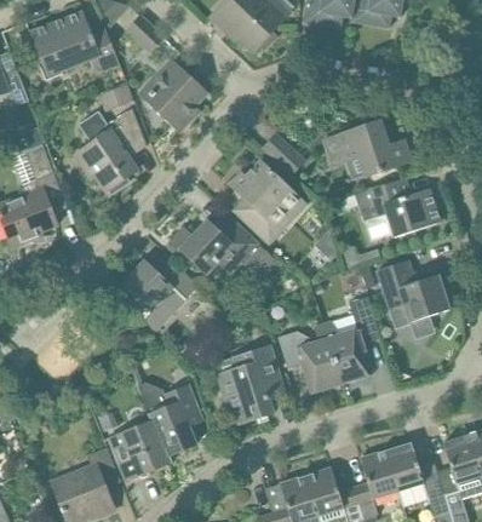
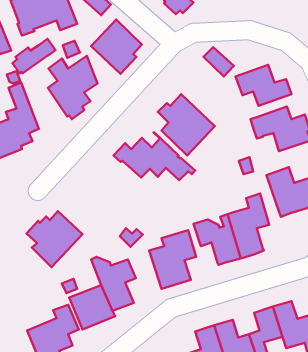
building: none -> [13,39,55,73]
building: [263,134,304,174] -> [203,47,234,76]
building: [121,254,197,331] -> [27,211,83,267]

